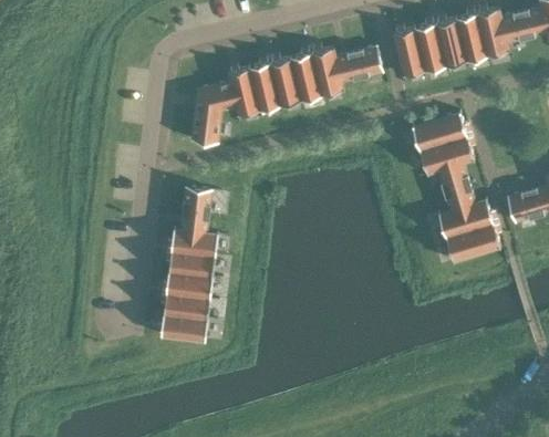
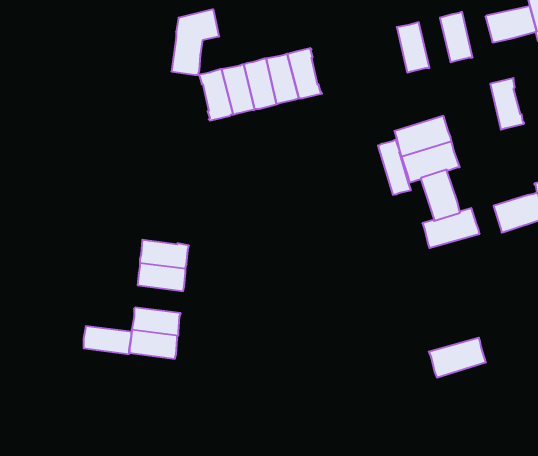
building: [476,10,508,59] -> [490,78,524,130]
building: [435,21,465,69] -> none
building: [392,30,424,79] -> none
building: [333,49,382,84] -> none
building: [190,84,236,146] -> [171,10,219,75]
building: none -> [378,140,411,195]
building: [179,189,210,236] -> none
building: [445,226,499,263] -> [429,338,486,378]
building: [166,274,211,301] -> [84,326,131,354]

